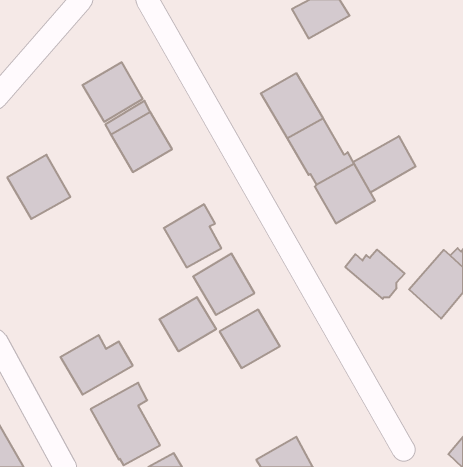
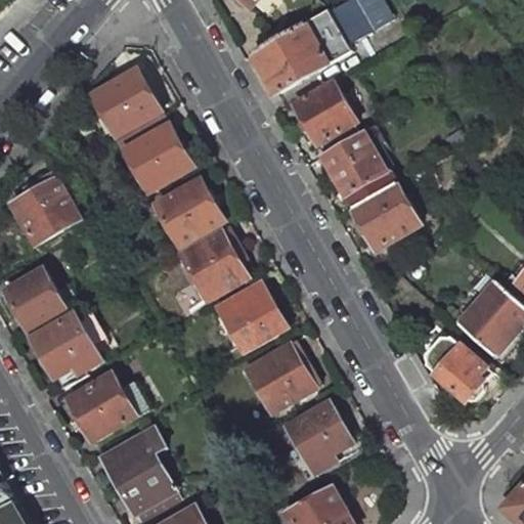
building: none -> [251,10,350,94]
building: [353,136,416,192] -> none
building: none -> [156,180,224,247]
building: none -> [5,269,66,332]
building: [345,250,405,299] -> [425,346,491,401]
building: none -> [32,313,101,388]
building: [159,297,216,351] -> none
building: none -> [288,402,352,474]

